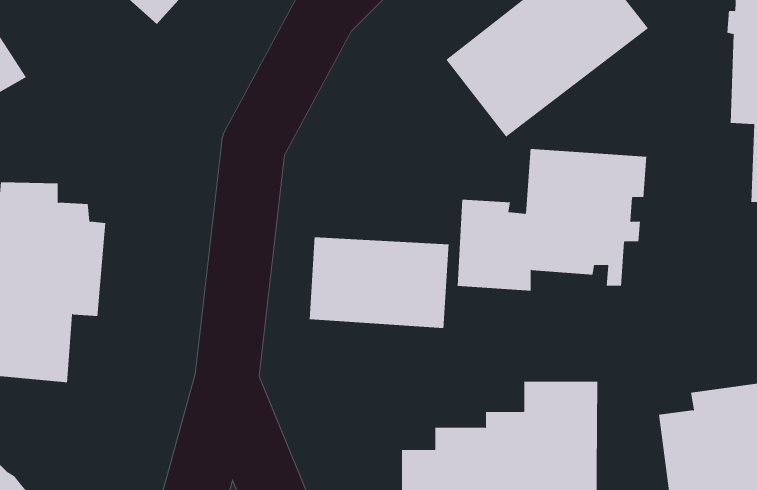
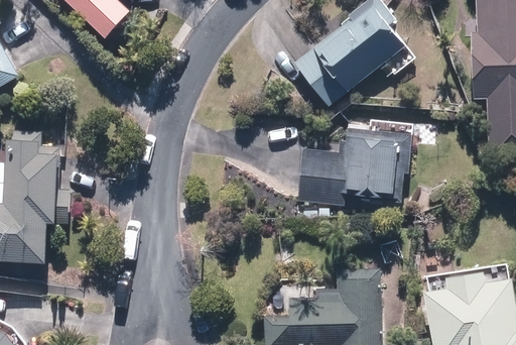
building: [309,237,449,329] -> none

